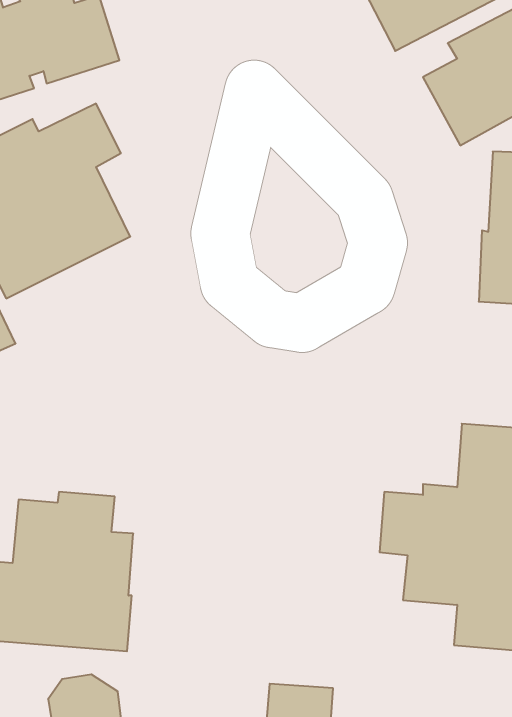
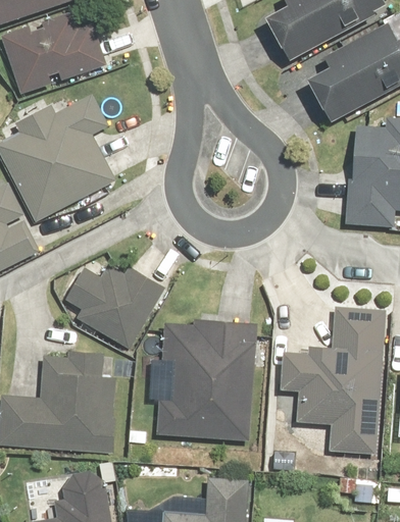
building: none -> [63,264,165,350]
building: none -> [156,317,257,440]

